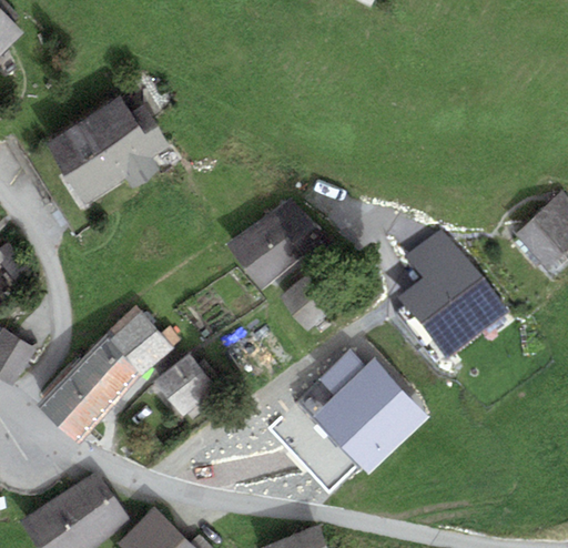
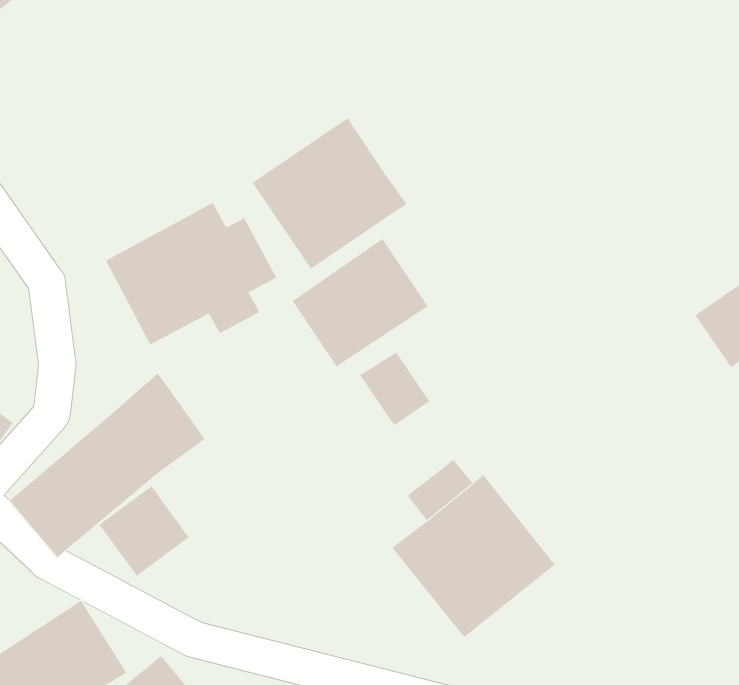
building: [47,97,170,202] -> [105,202,277,345]
building: none -> [252,117,407,270]
building: [397,230,508,361] -> none
building: [152,351,217,416] -> [99,486,190,576]

